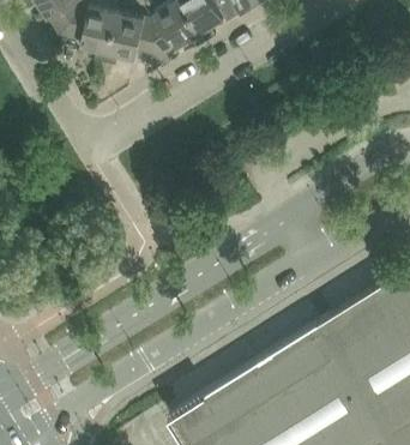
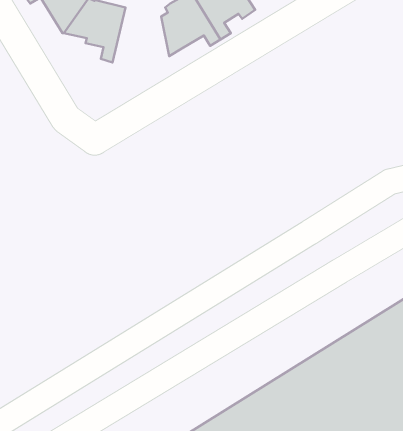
building: [105,14,158,68] -> none

